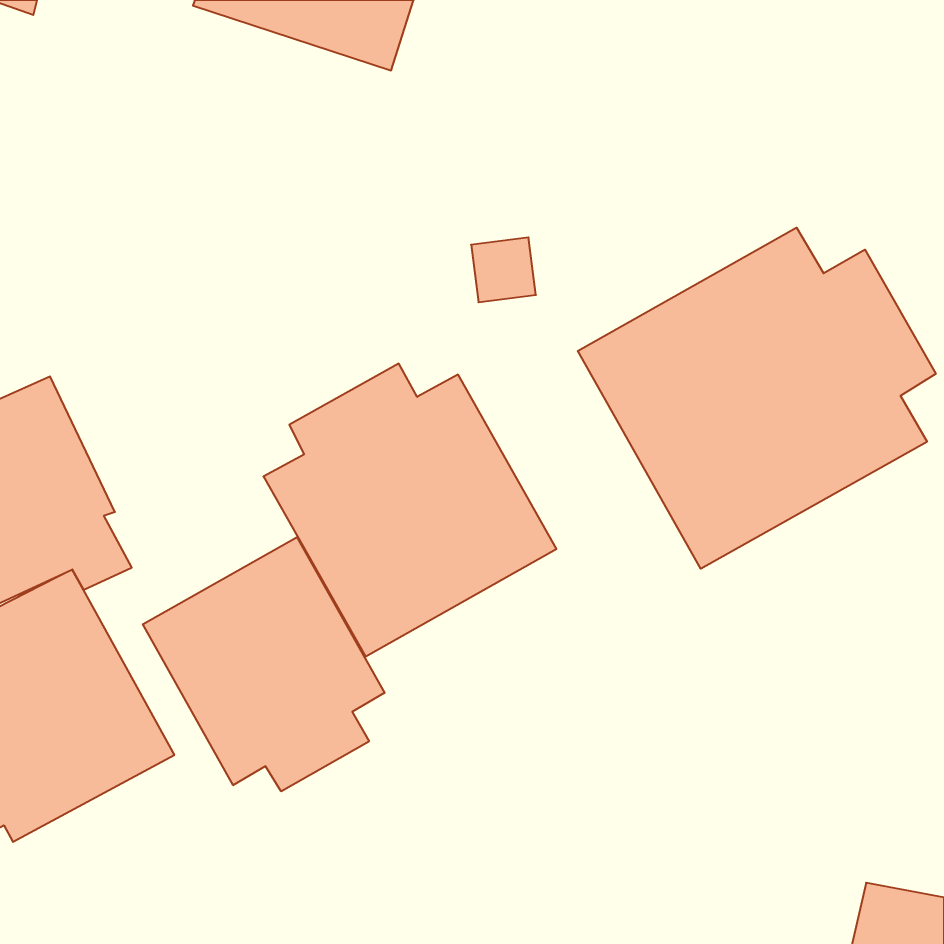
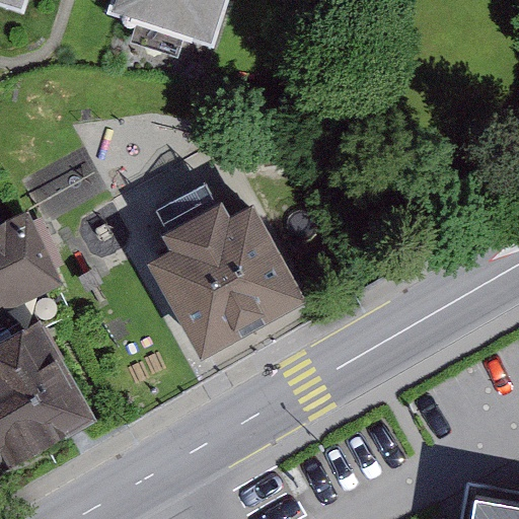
building: [578,228,936,569] -> none
building: [143,537,385,791] -> none

